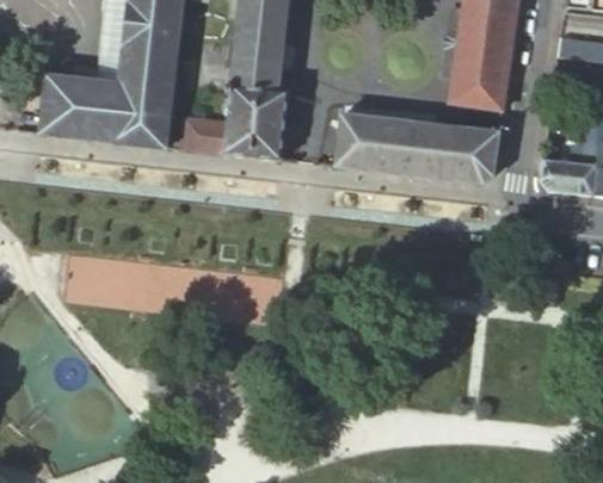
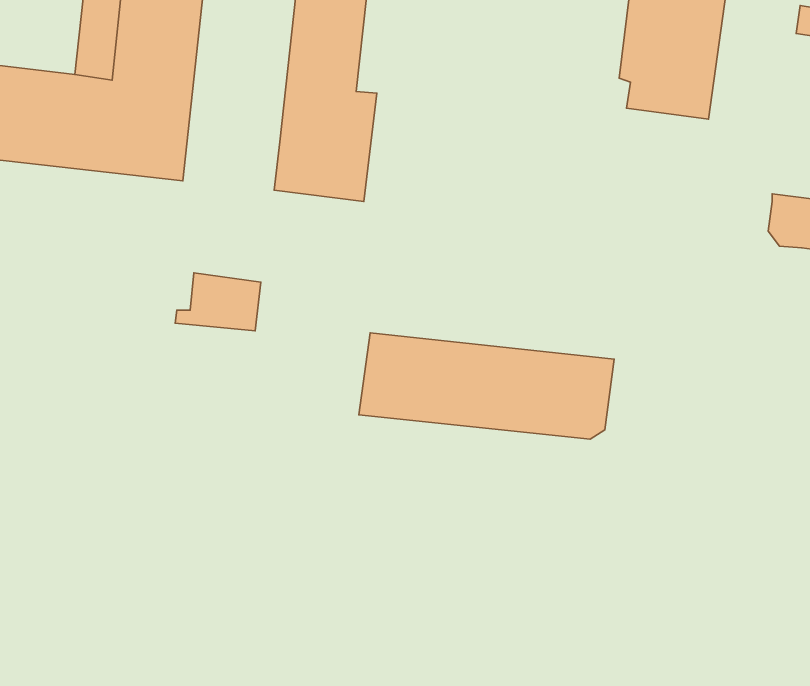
building: [337,113,500,181] -> [359,333,614,439]
building: [174,116,229,153] -> [175,273,261,331]

